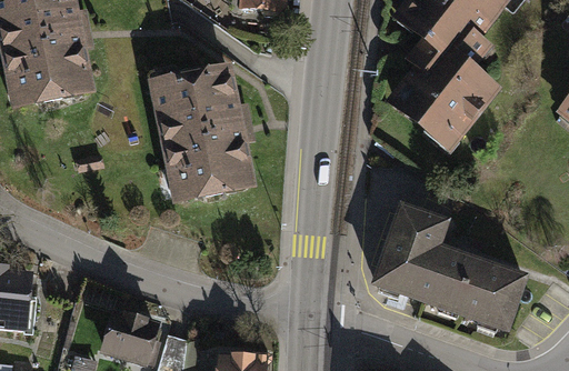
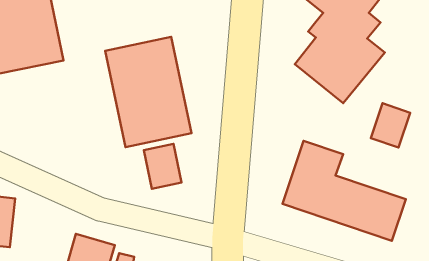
building: none -> [371,103,410,148]
building: none -> [144,144,182,189]

